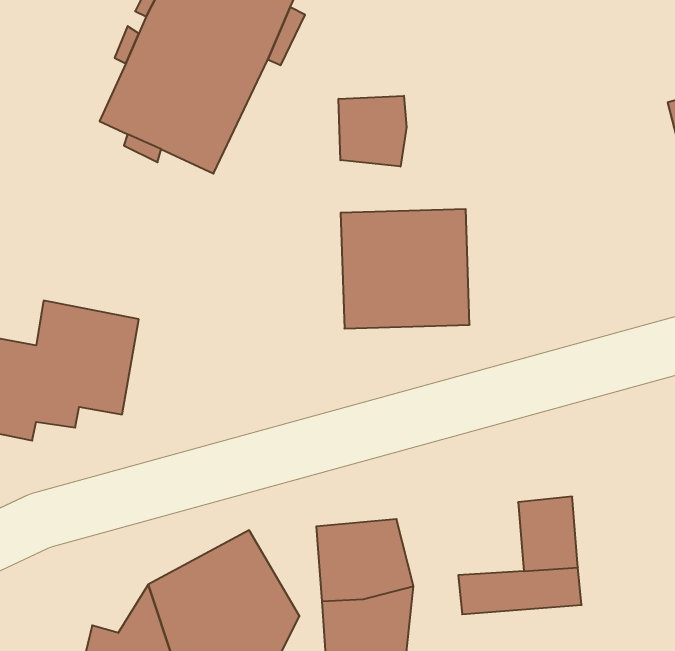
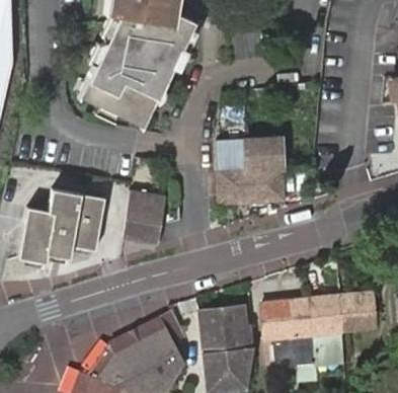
building: [339,96,406,167] -> none
building: none -> [126,189,169,244]
building: none -> [338,293,378,333]
building: none -> [263,298,312,338]

